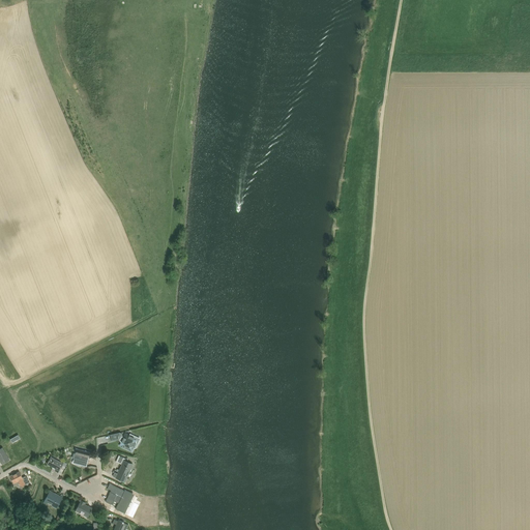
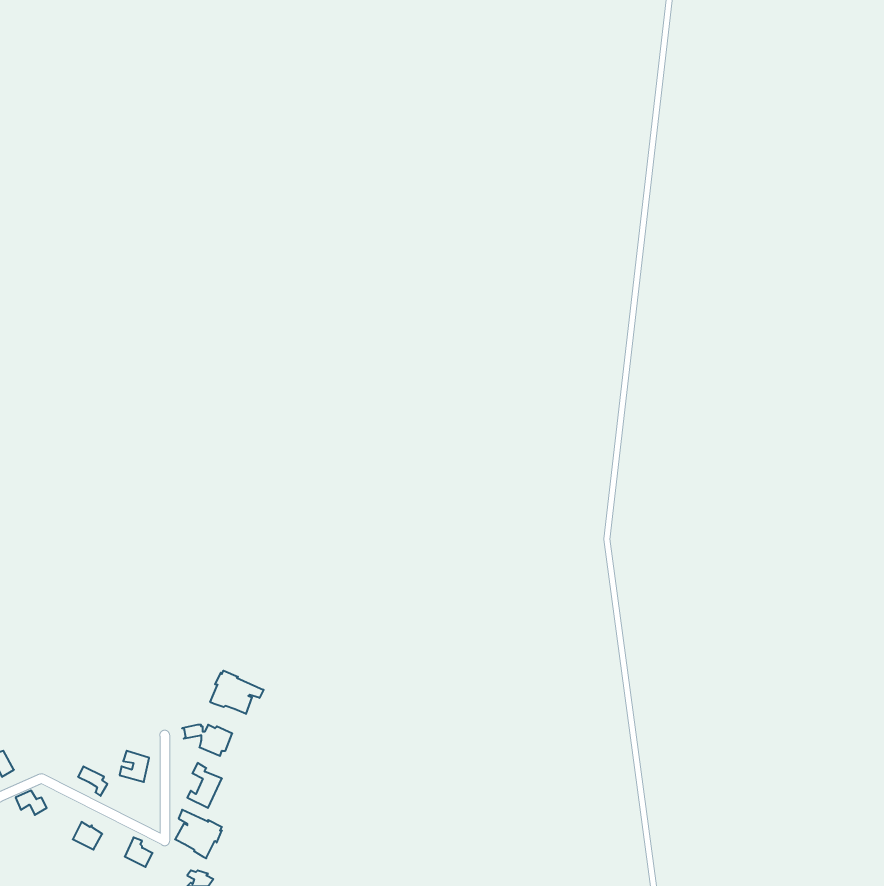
building: none -> [210,671,264,714]

